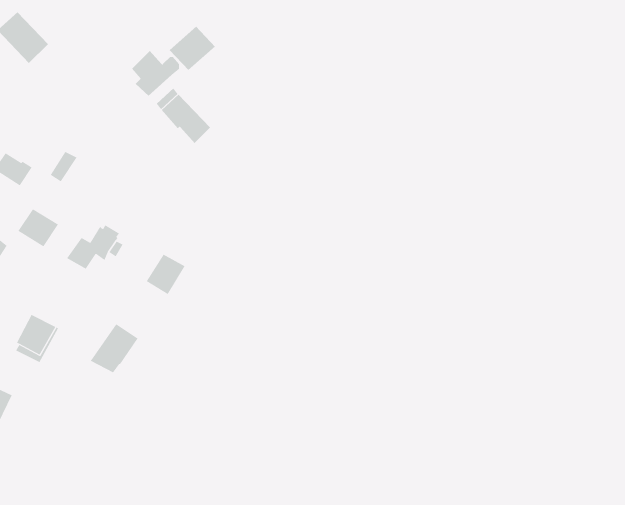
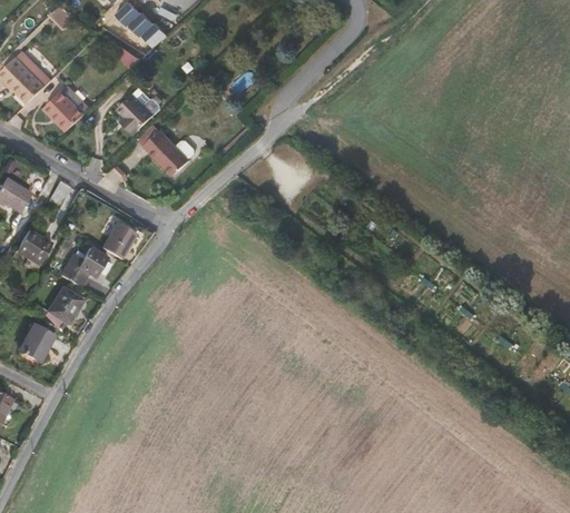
building: [169,26,216,71] -> none
building: none -> [45,83,91,129]
building: [146,254,186,295] -> [105,221,140,258]
building: [90,323,138,373] -> [38,286,81,331]

